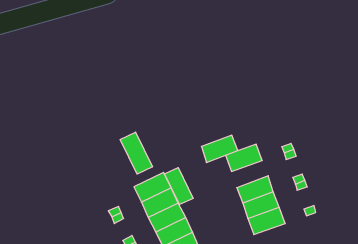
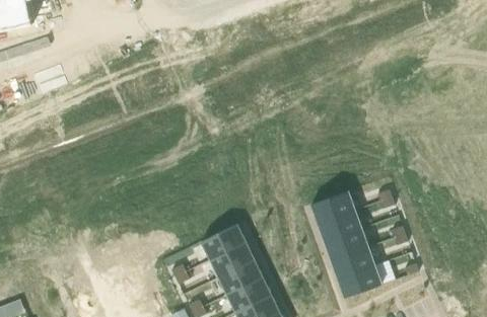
building: [120,132,152,174] -> none
building: [201,135,238,163] -> [318,210,361,242]
building: [164,168,193,204] -> none

